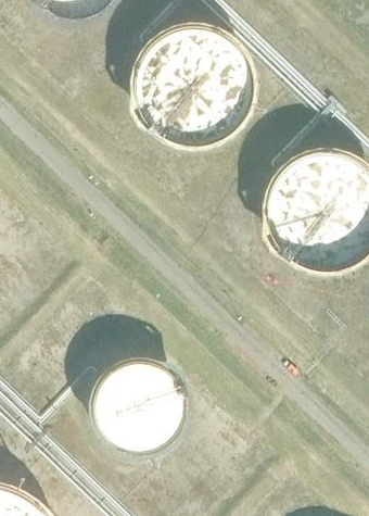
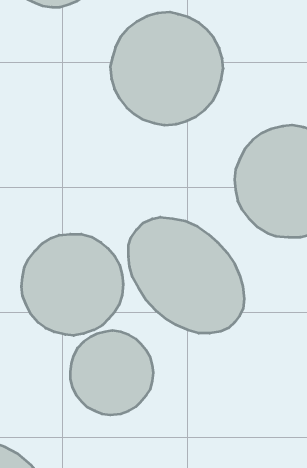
building: none -> [128,217,244,333]
building: none -> [22,234,123,336]

